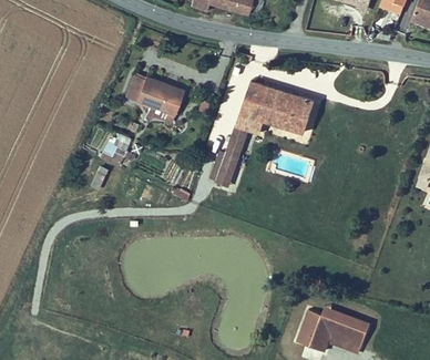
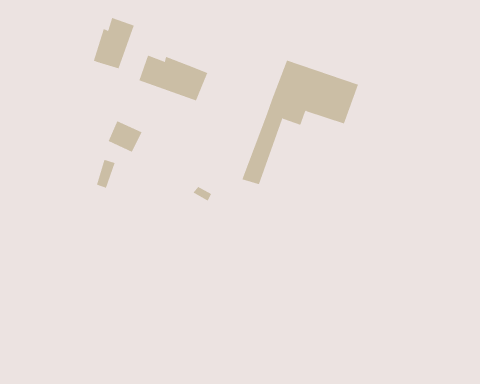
building: none -> [93,17,135,69]
building: [296,306,370,353] -> none

